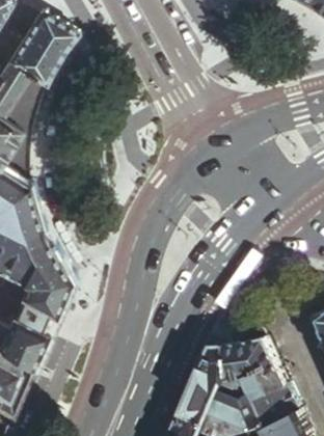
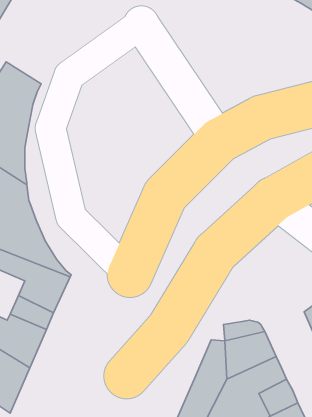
building: [8,15,80,88] -> none

